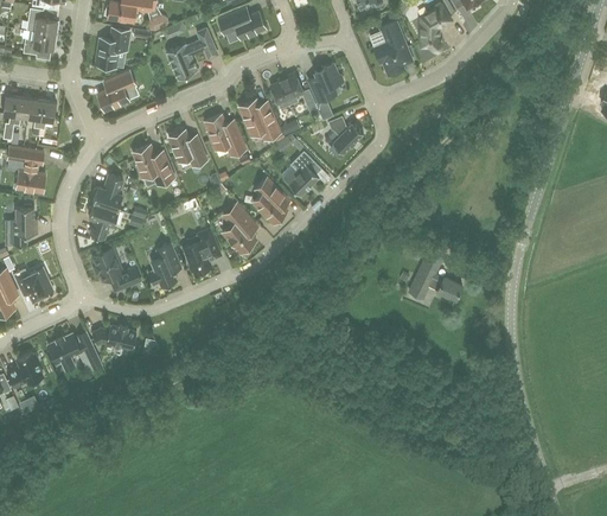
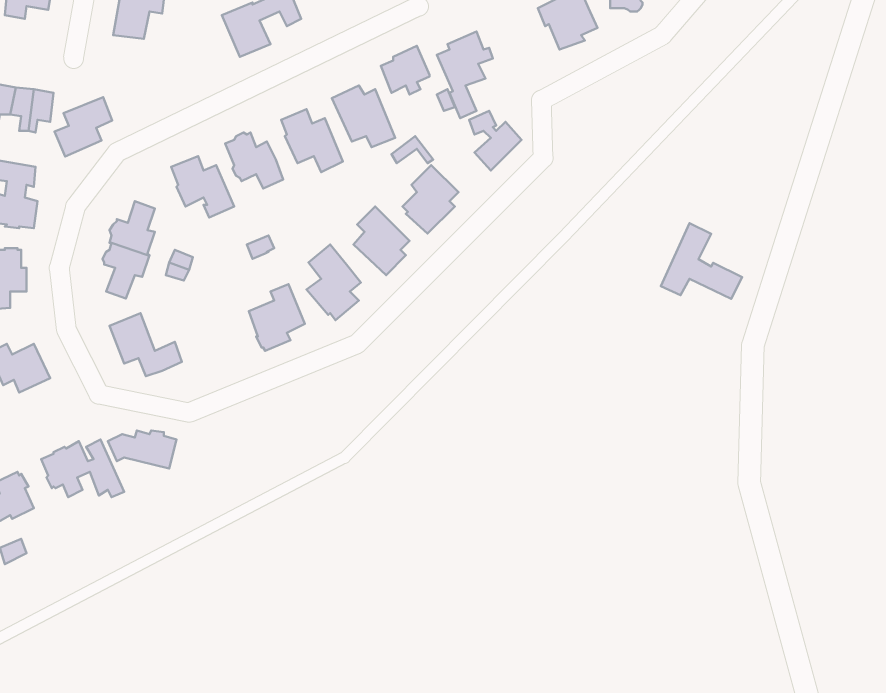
building: [97,71,135,110] -> [54,97,112,157]
building: [148,243,181,287] -> none
building: [409,250,462,300] -> [661,223,742,299]

